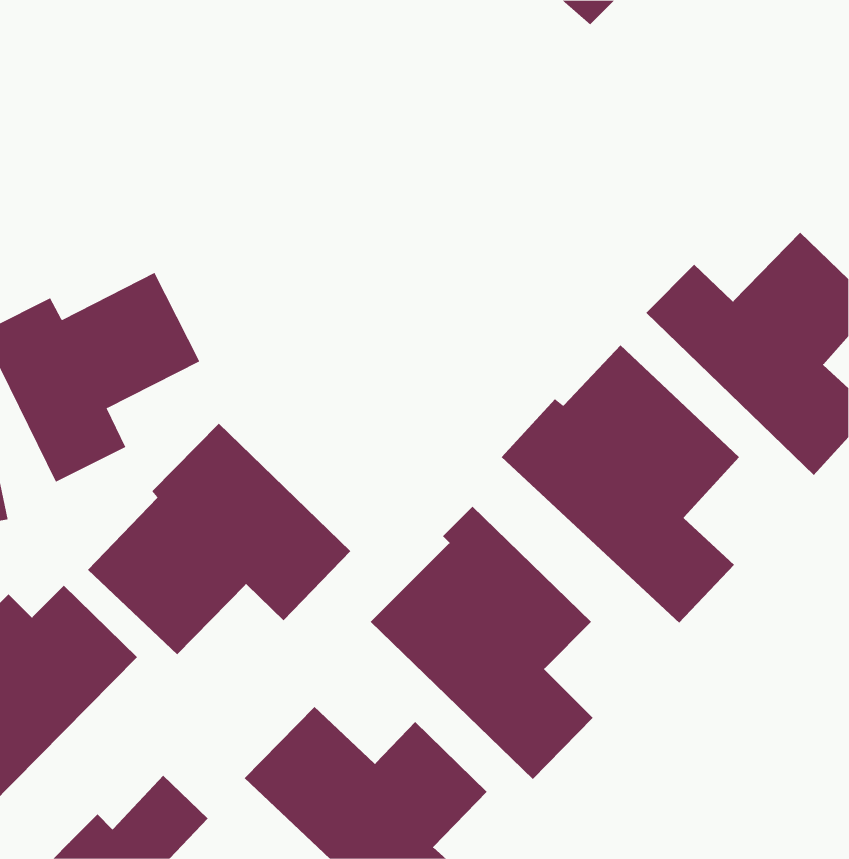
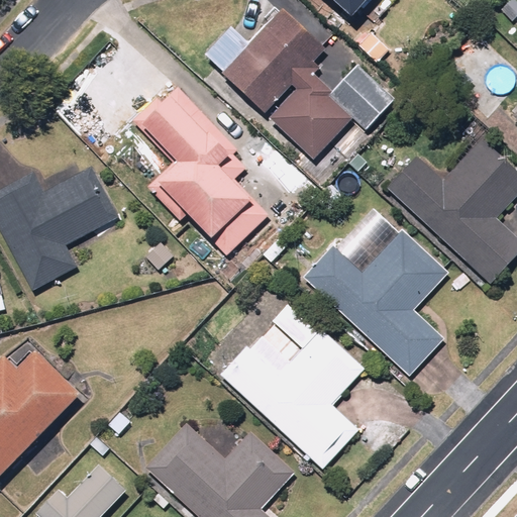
building: none -> [204,11,389,151]
building: none -> [138,88,256,240]
building: [87,423,351,655] -> none

